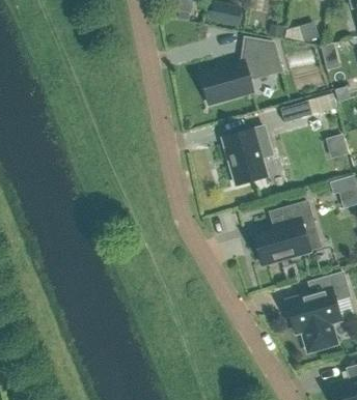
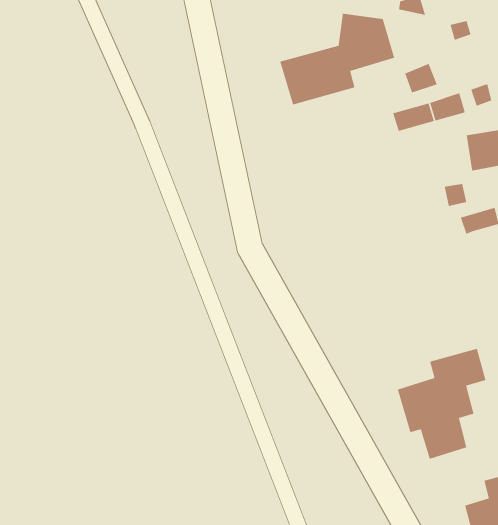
building: [223,125,273,184] -> none
building: [253,200,314,262] -> none

